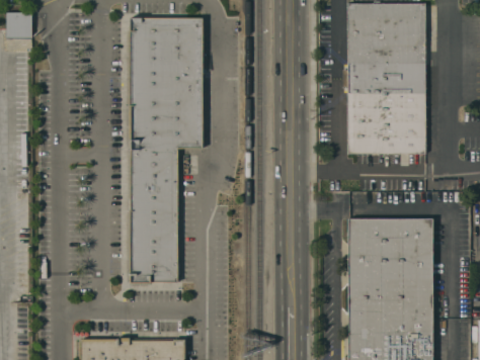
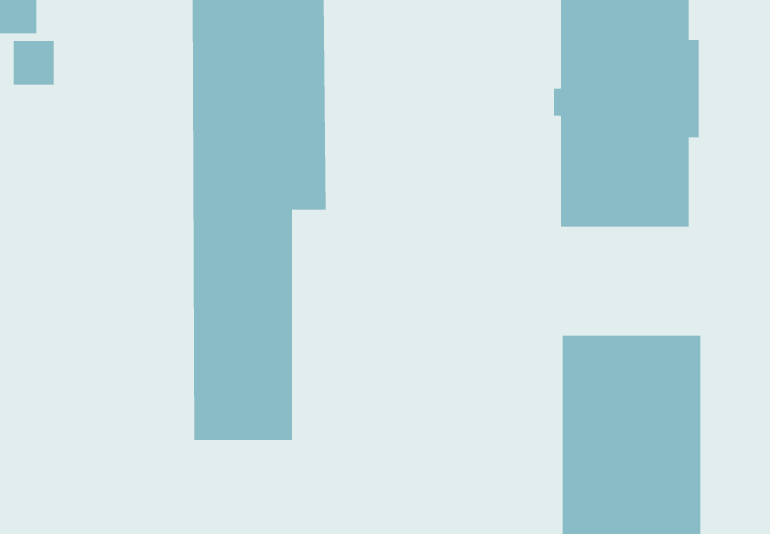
building: none -> [13,40,54,85]

